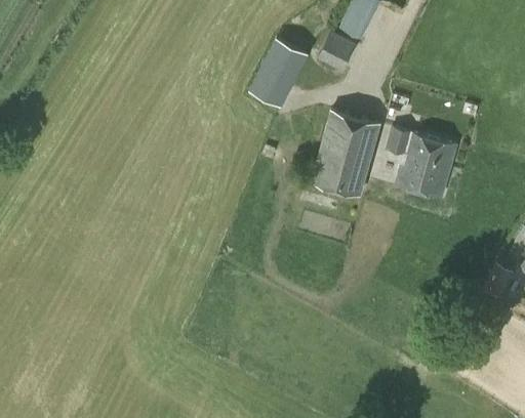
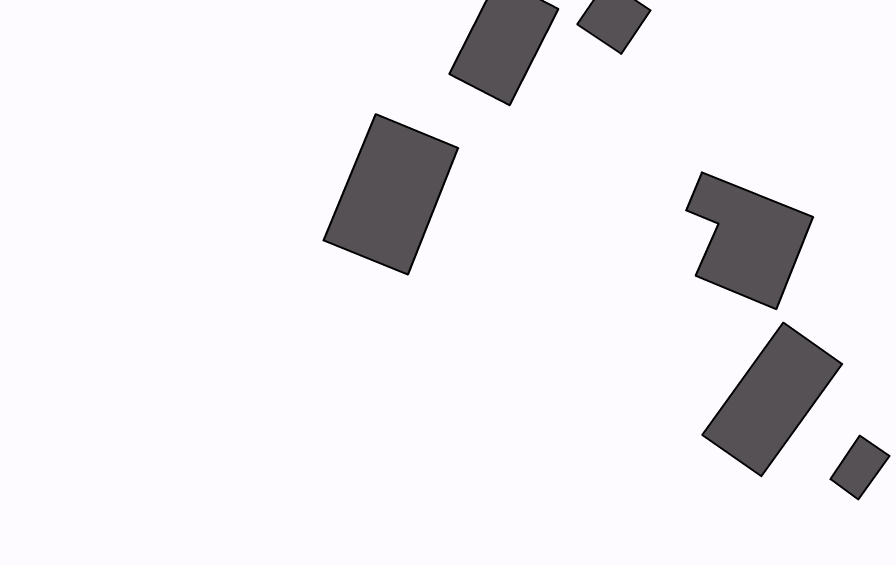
building: [312,114,379,199] -> [323,114,458,274]
building: none -> [702,323,842,476]

